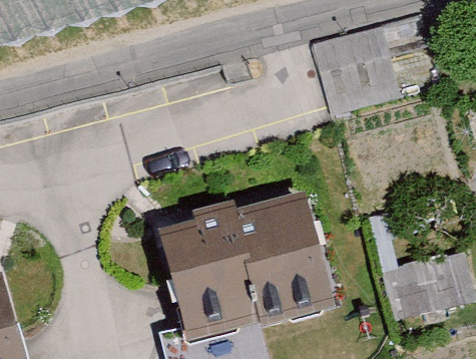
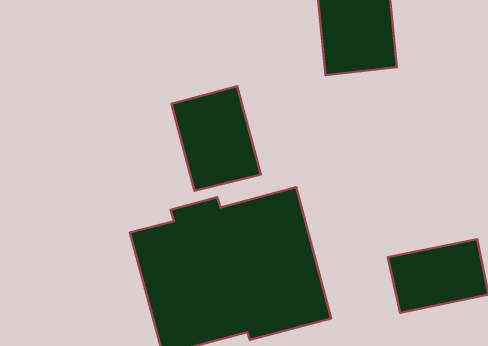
building: none -> [171,86,261,191]

